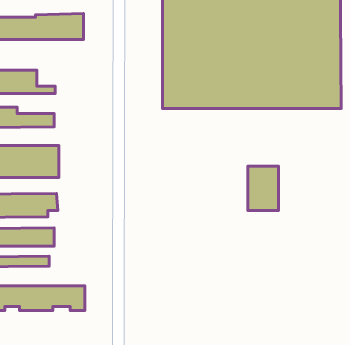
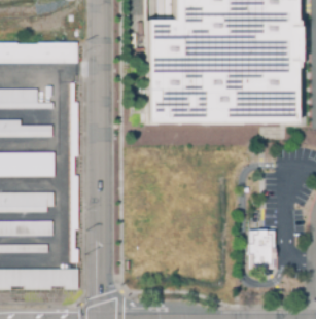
building: [248,166,279,210] -> [249,228,275,265]

